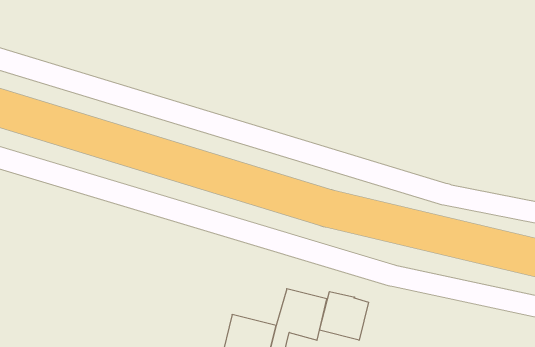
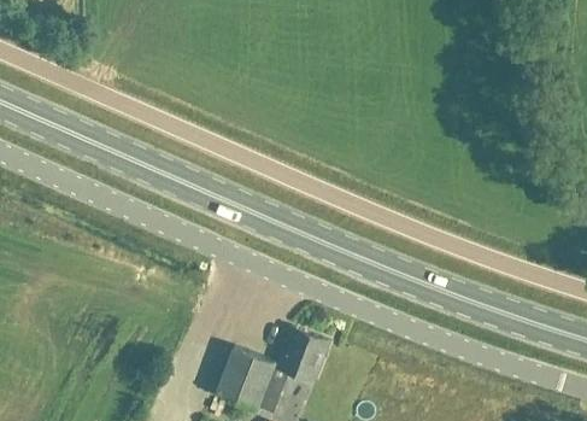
building: [319,292,368,340] -> none

